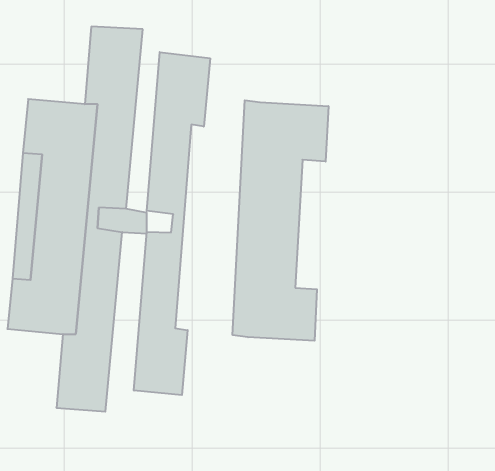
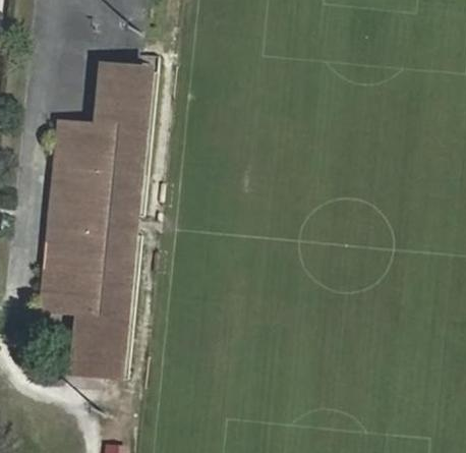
building: [134,52,210,395] -> none
building: [233,100,328,341] -> none

